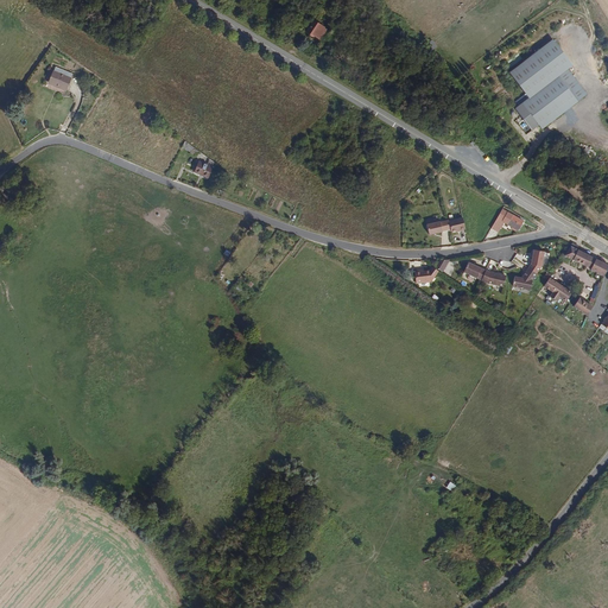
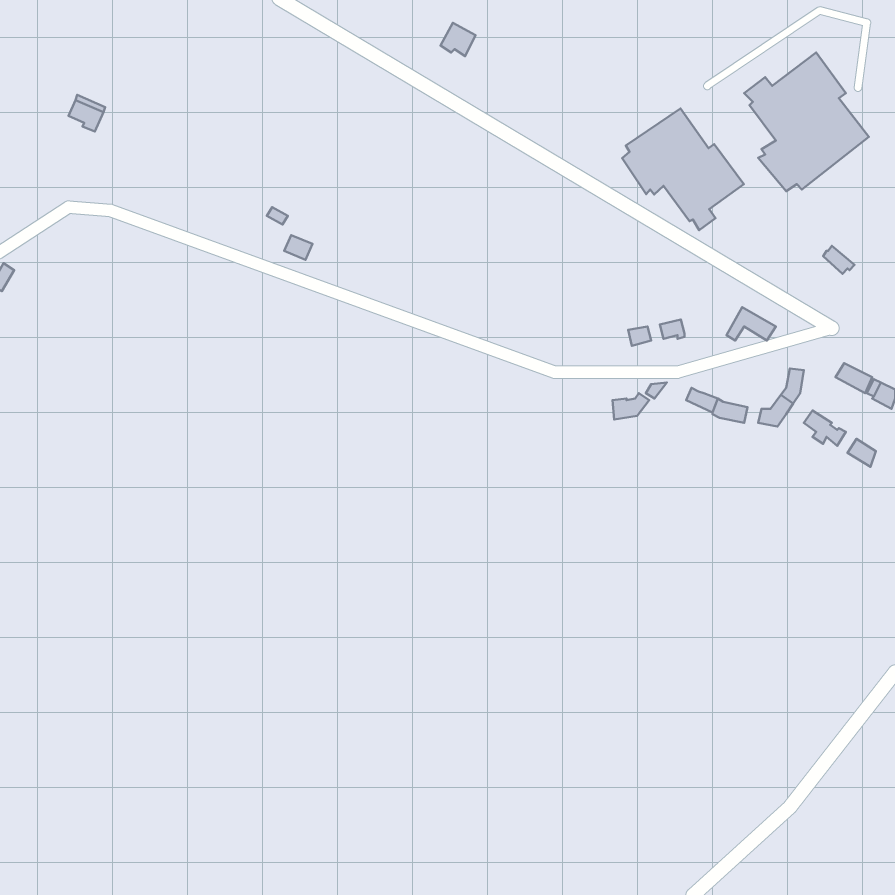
building: none -> [622,108,744,230]

